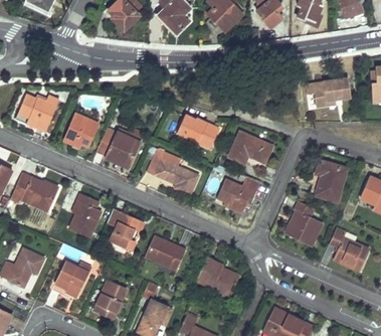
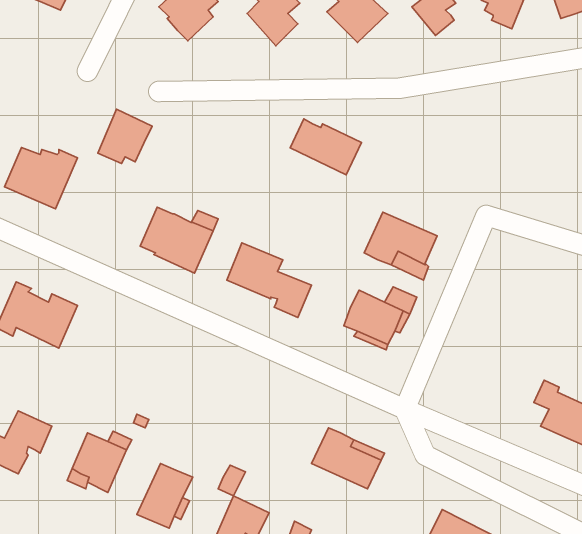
building: [305,78,350,108] -> none
building: [64,114,97,146] -> [98,109,152,163]
building: [177,115,219,148] -> [290,119,362,175]
building: [315,160,347,201] -> none
building: [69,193,101,236] -> none
building: [284,201,321,244] -> none
building: [107,209,143,249] -> none
building: [145,234,185,269] -> none

